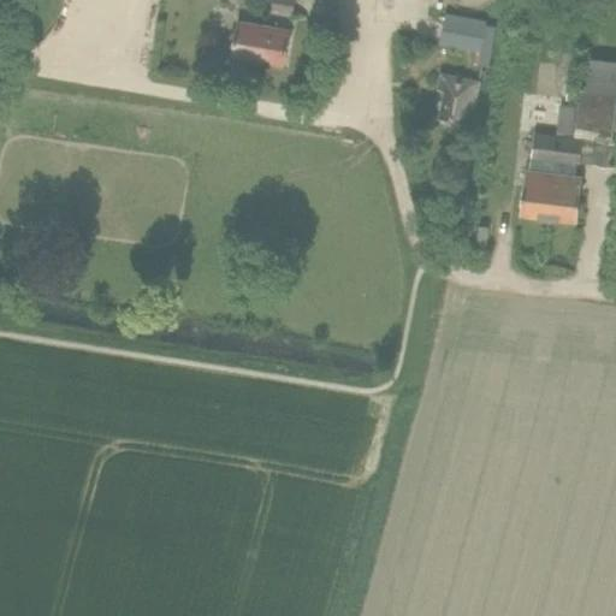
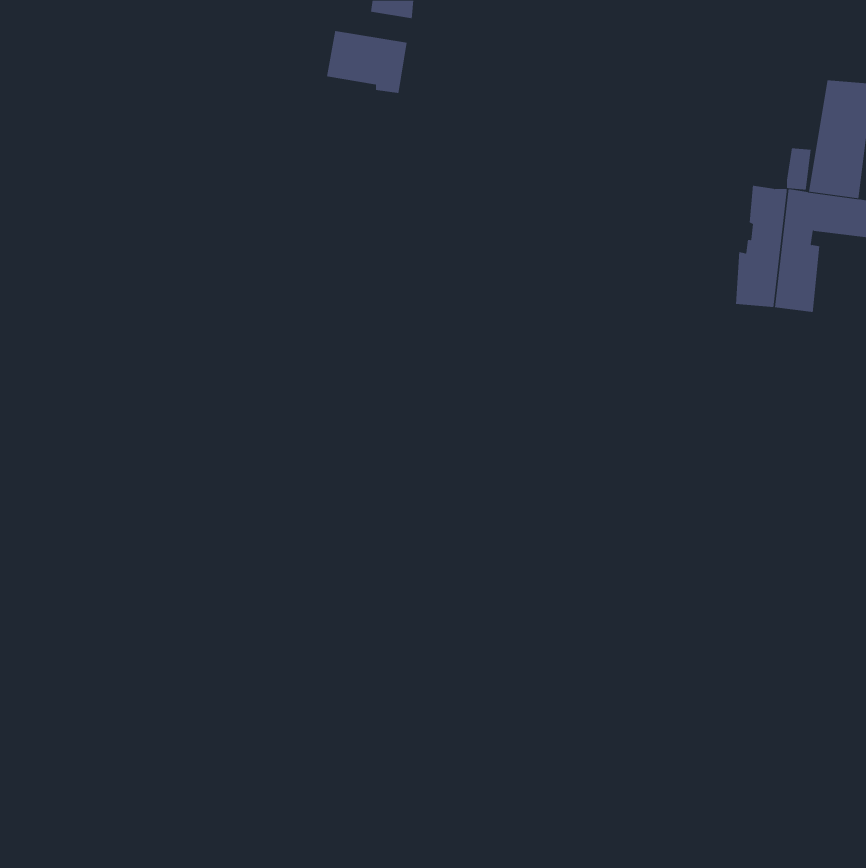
building: [440,13,497,65] -> none
building: [439,76,481,119] -> none

